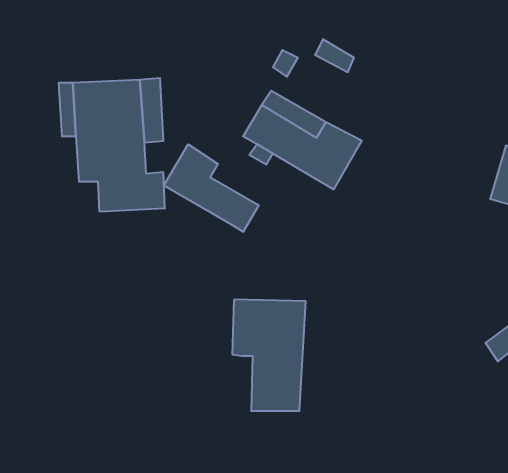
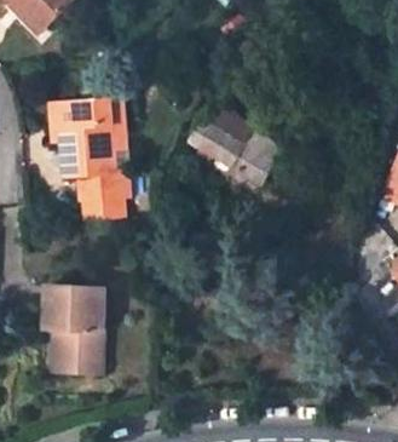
building: [164,144,259,232] -> none
building: [232,300,306,411] -> [47,287,104,373]

